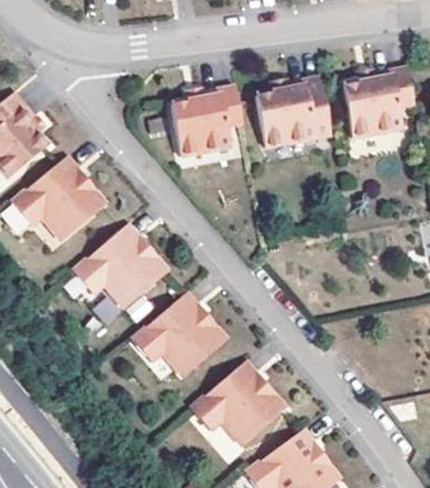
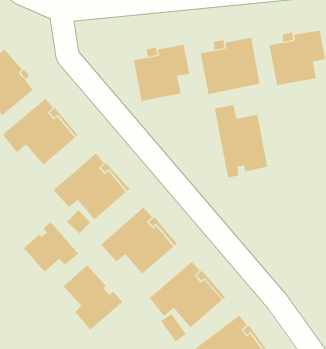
building: none -> [214,104,268,179]
building: none -> [23,221,79,273]
building: none -> [63,264,123,331]

